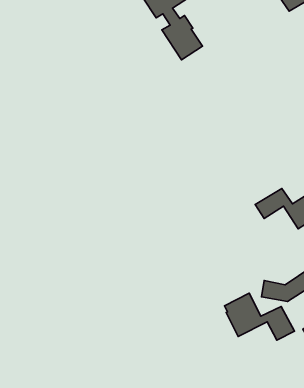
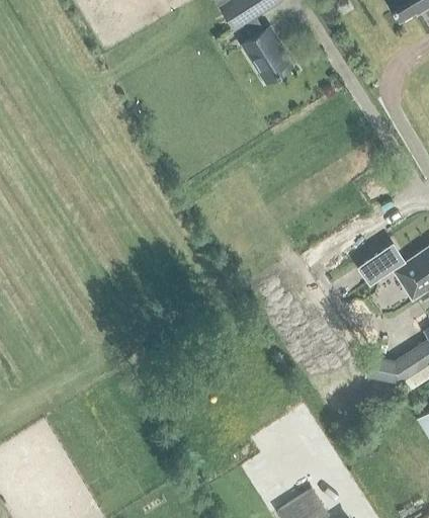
building: [224,293,295,340] -> none

